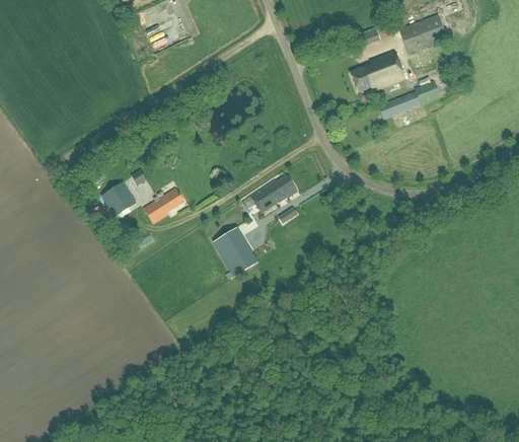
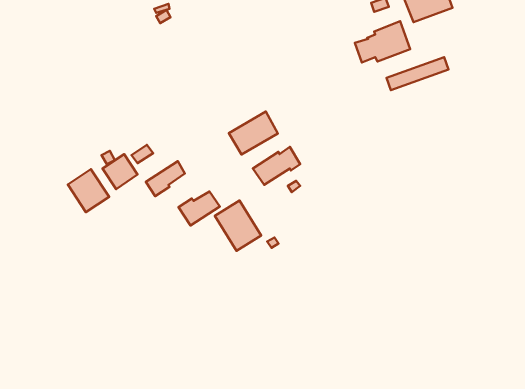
building: none -> [229,111,278,154]
building: none -> [68,169,109,212]
building: none -> [179,192,220,226]

